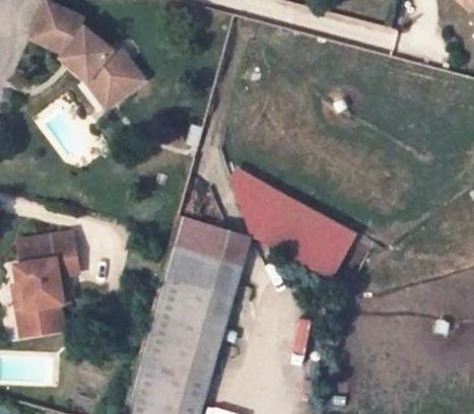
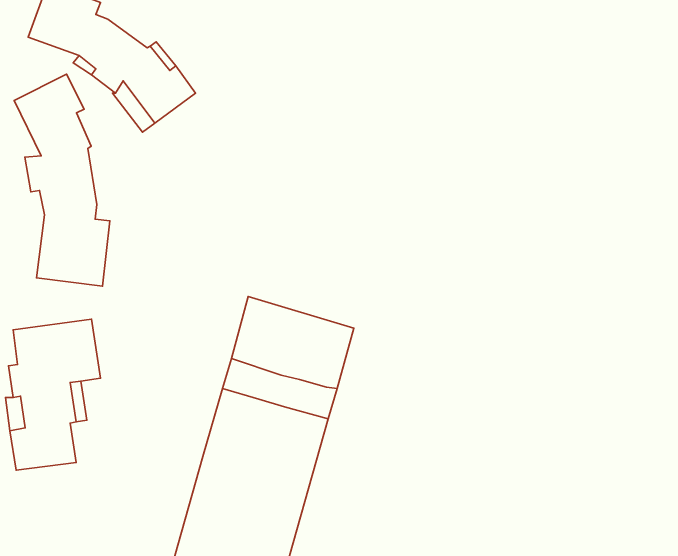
building: none -> [14,74,110,286]
building: [231,178,352,280] -> none

